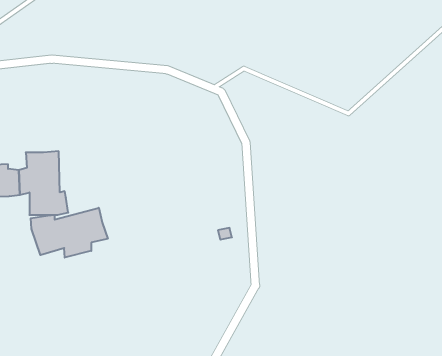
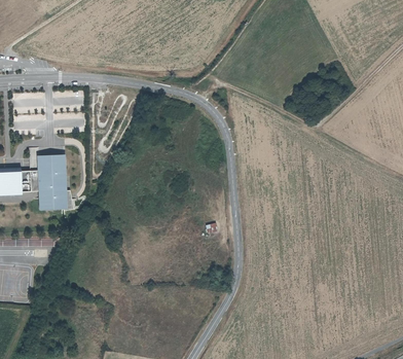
building: [31,208,108,258] -> none

